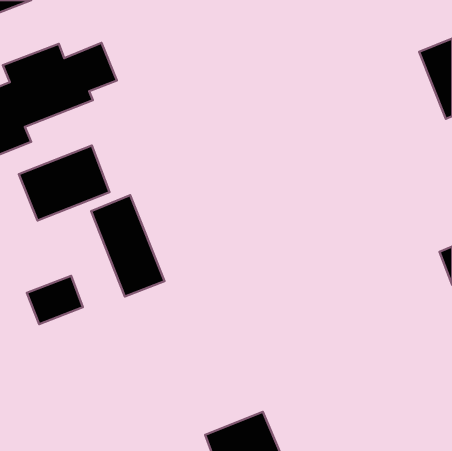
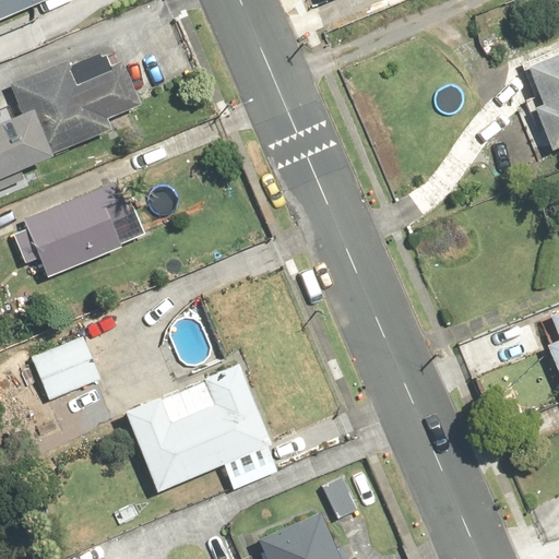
building: [91,195,164,296] -> none
building: none -> [124,359,284,491]

